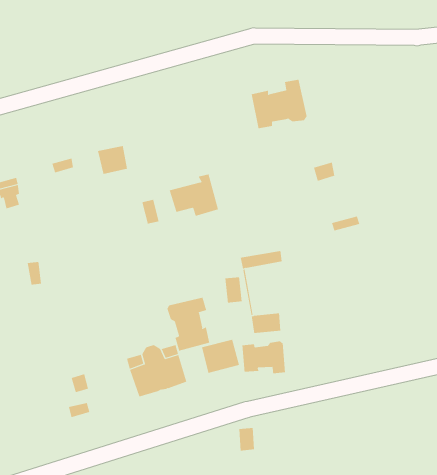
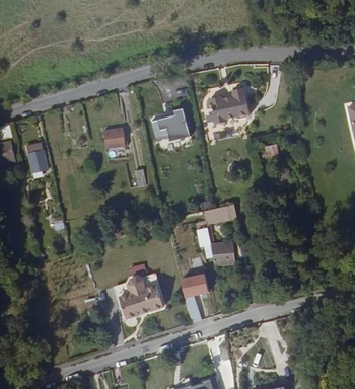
building: [169,174,219,217] -> [151,109,188,141]
building: [167,297,210,351] -> none
building: [242,340,285,374] -> none

